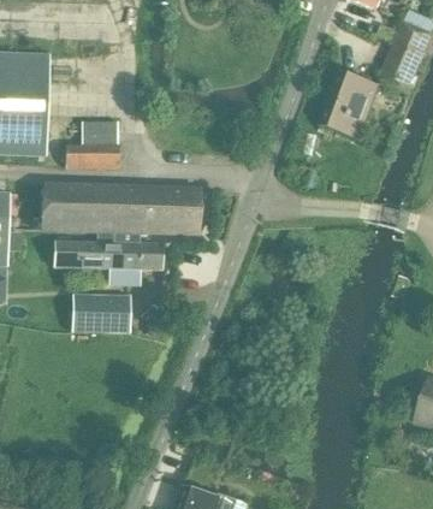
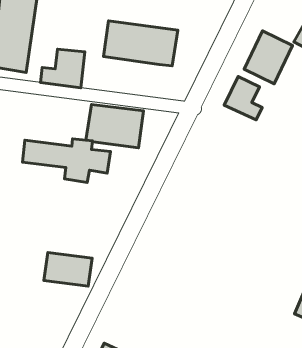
building: none -> [224,76,262,120]
building: [40,184,130,232] -> [104,21,178,66]
building: [69,295,126,332] -> [44,252,92,286]

